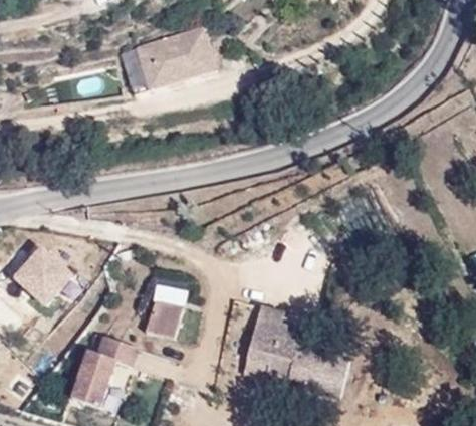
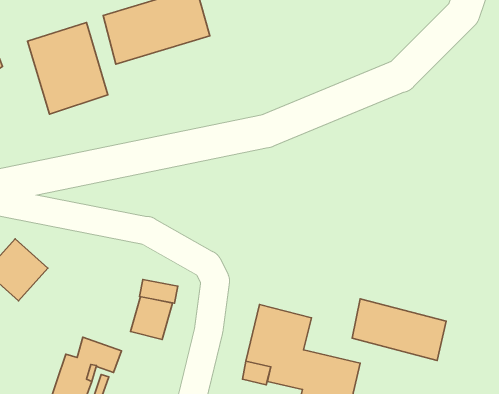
building: none -> [27,23,108,114]
building: none -> [352,299,446,361]

